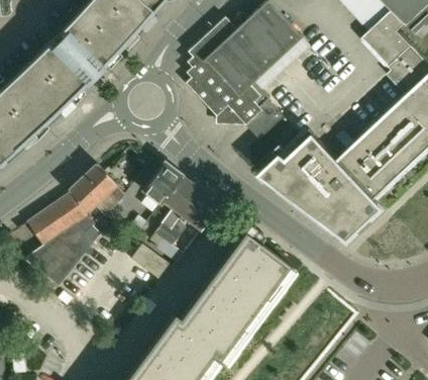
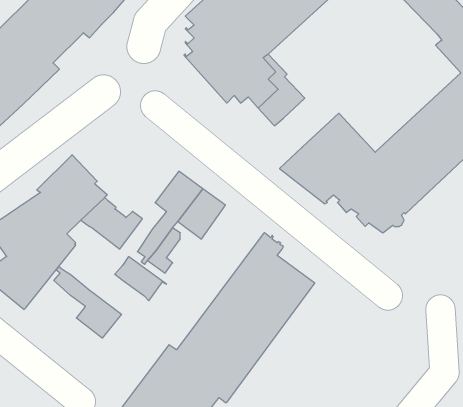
building: [142,164,182,205] -> none
building: none -> [54,266,121,338]

